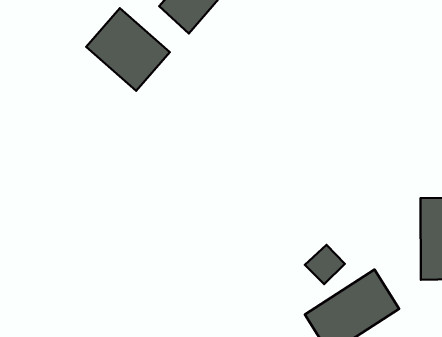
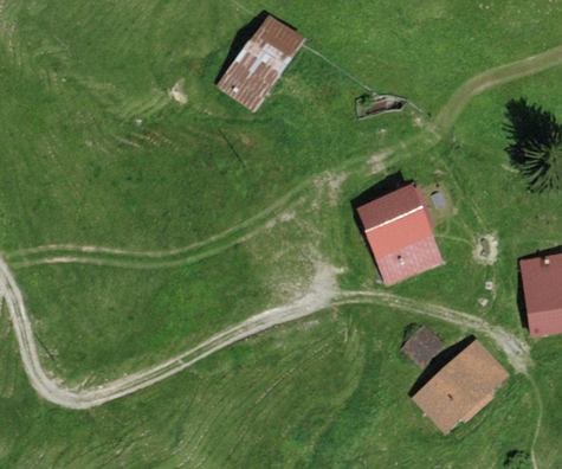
building: [86,8,170,91] -> none
building: none -> [357,188,439,284]

